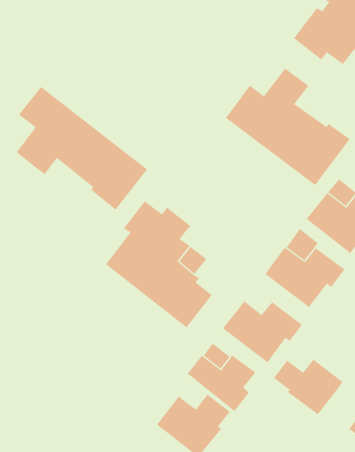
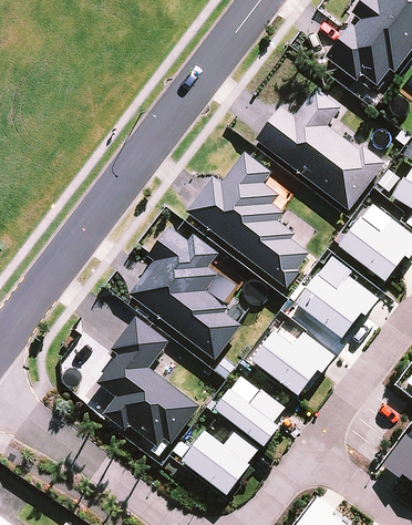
building: [16,86,148,211] -> none
building: none -> [185,152,309,288]
building: none -> [96,316,199,445]
building: [273,359,344,415] -> none

